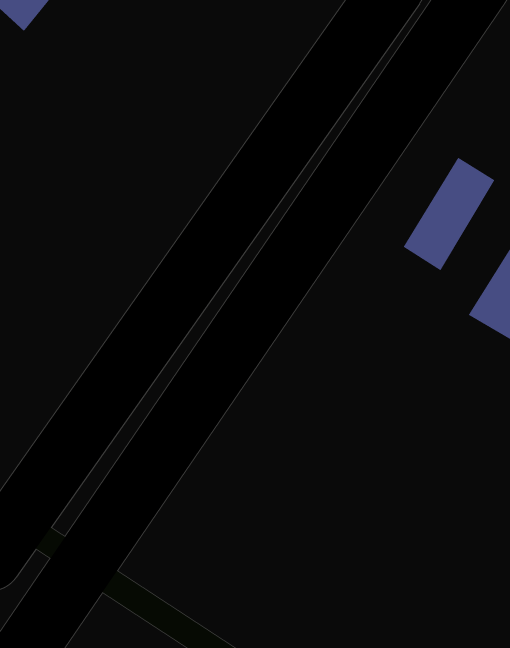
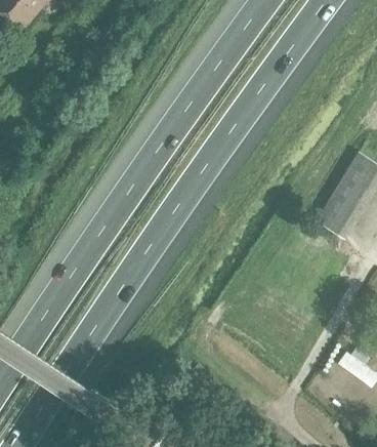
building: [403,157,495,271] -> none

